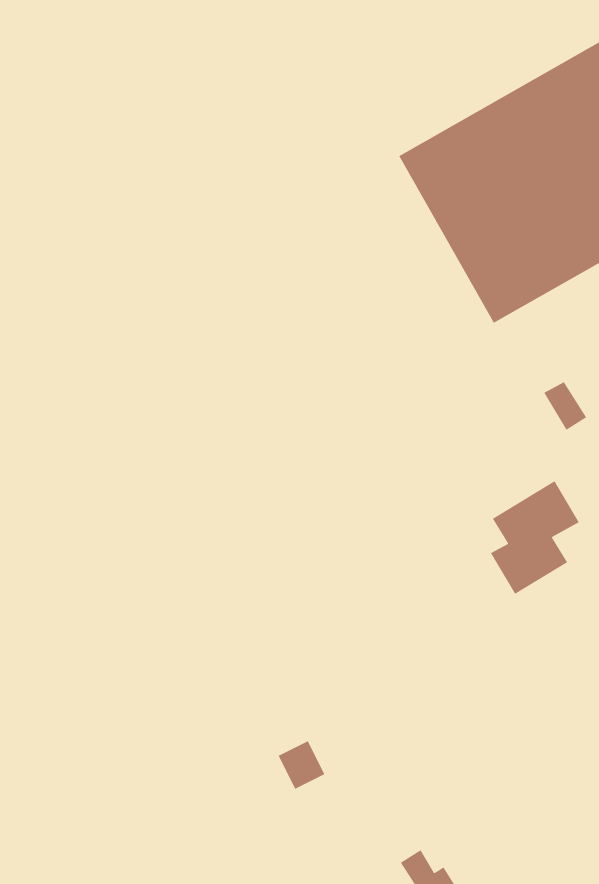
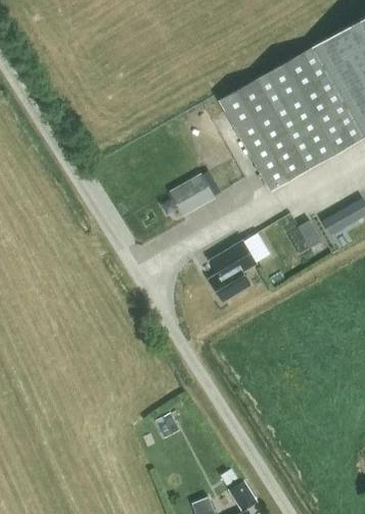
building: none -> [169,174,215,217]
building: [490,480,580,595] -> [209,240,257,301]

